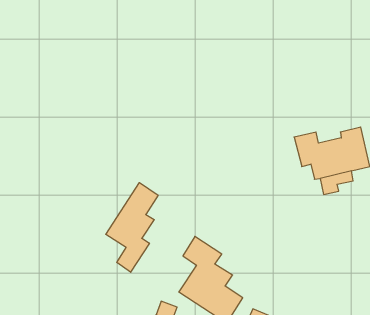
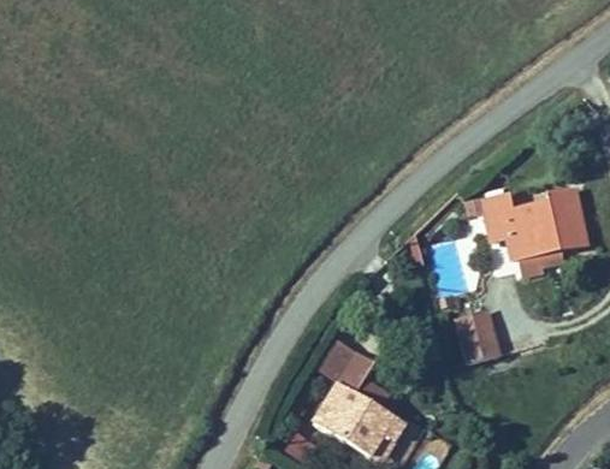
building: [106,183,158,272] -> none
building: none -> [456,309,499,362]

